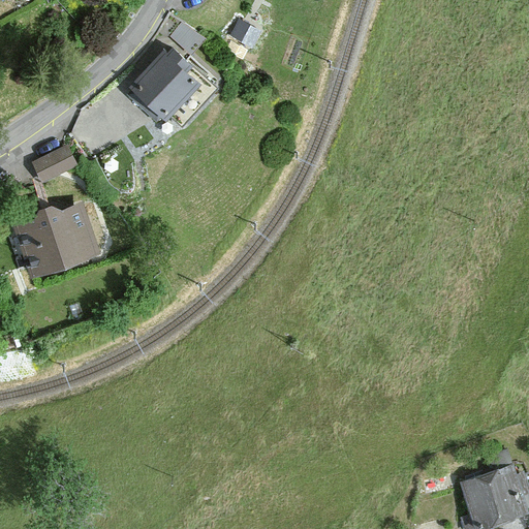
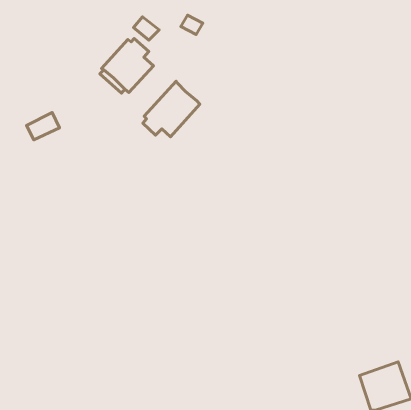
building: none -> [143,81,200,137]
building: [19,204,100,276] -> none

